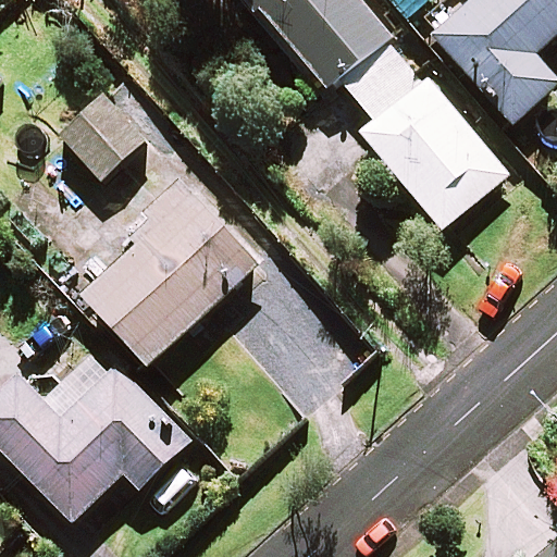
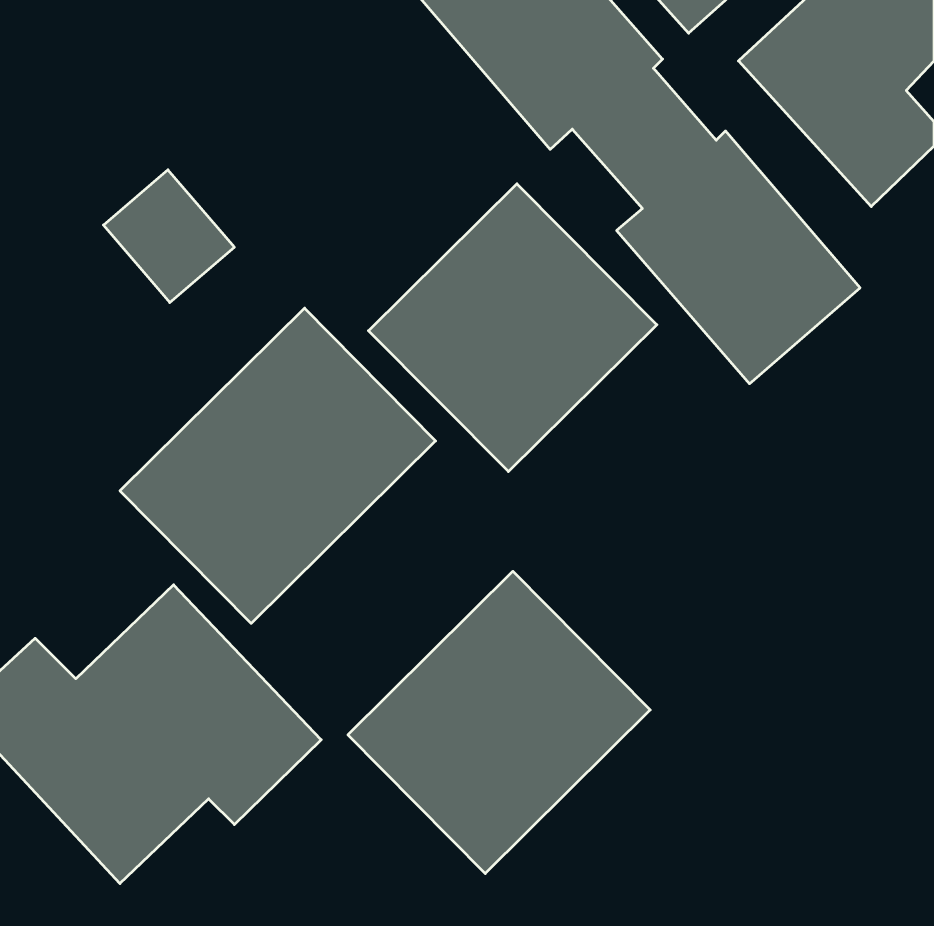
building: none -> [368,184,657,472]
building: none -> [348,571,650,874]

